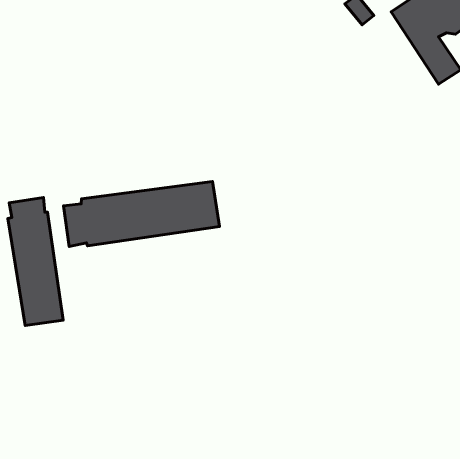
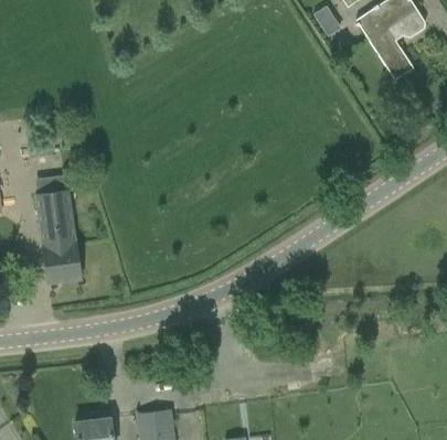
building: [63,181,219,246] -> none

